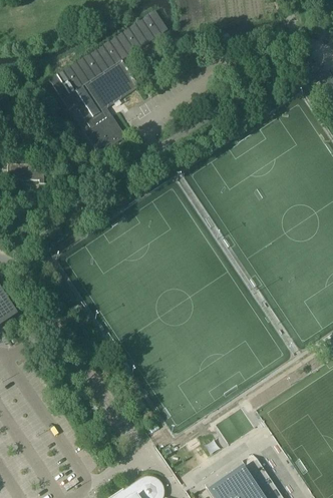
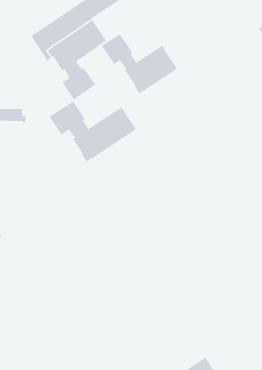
building: none -> [101,33,178,94]
building: none -> [49,100,137,162]

